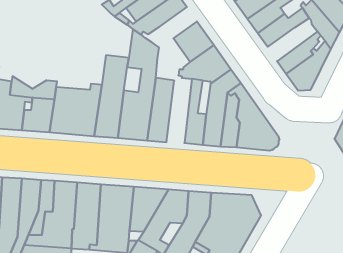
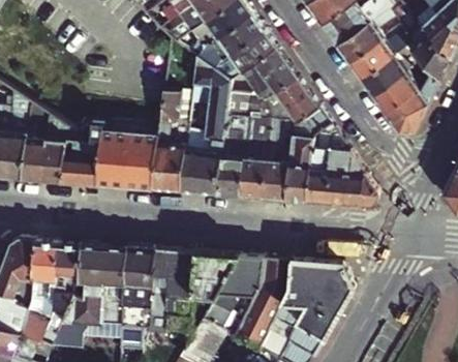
building: none -> [220,33,275,83]
building: none -> [362,54,423,99]
building: none -> [224,96,269,200]

